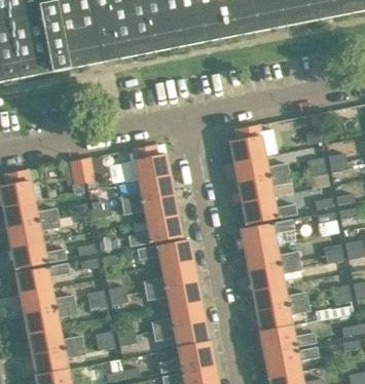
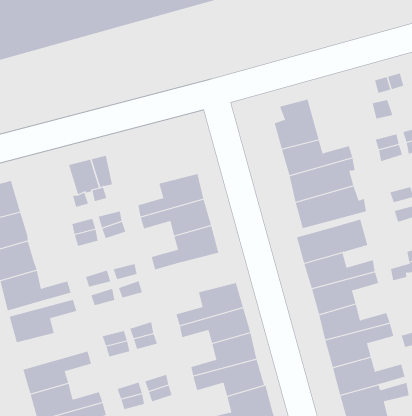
building: [133,145,170,181] -> none
building: [138,239,192,266] -> none
building: [21,289,75,314] -> none

